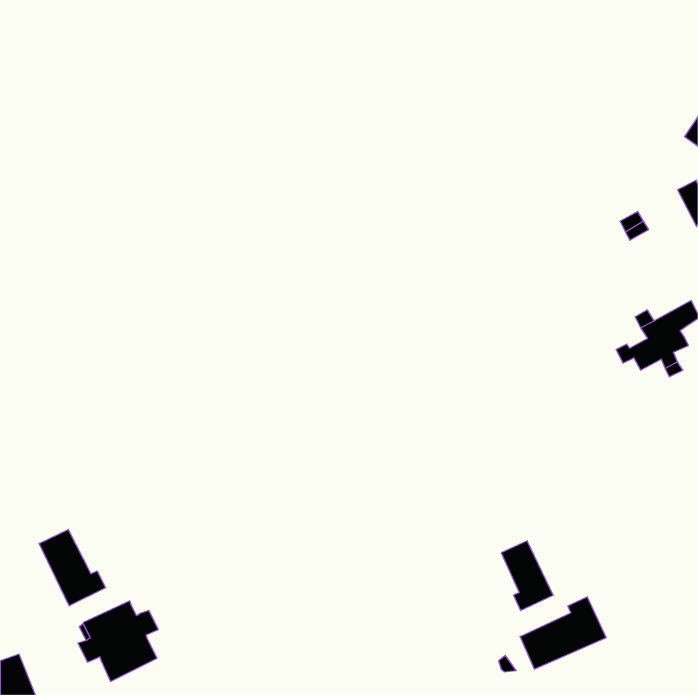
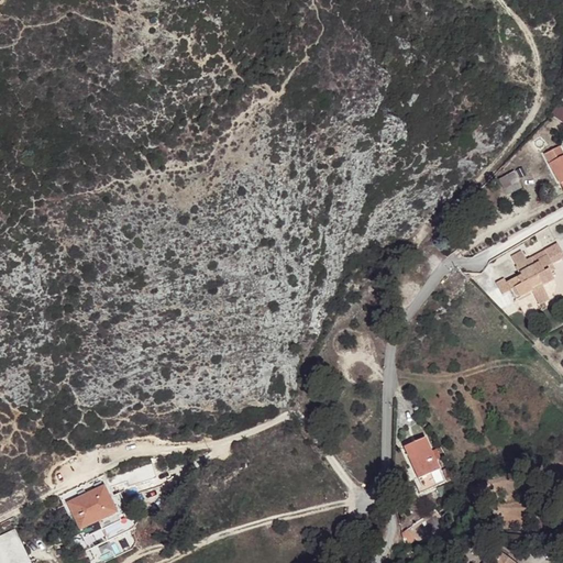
building: [39,529,106,606] -> none
building: [520,597,606,669] -> none

